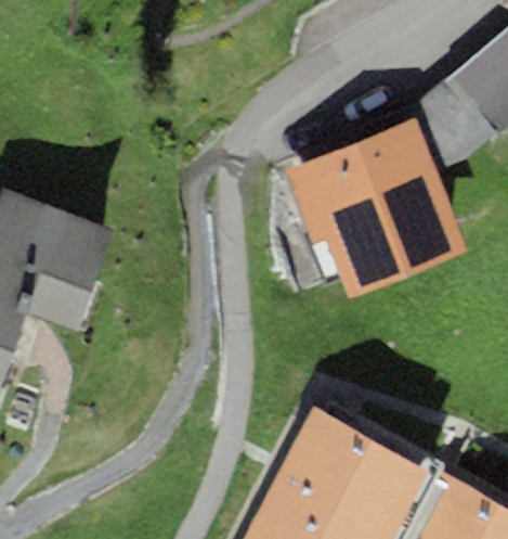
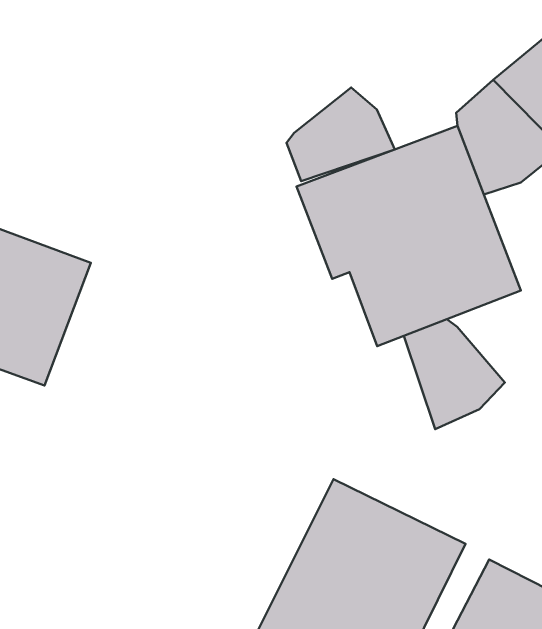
building: none -> [286,88,395,181]
building: none -> [404,319,505,429]

